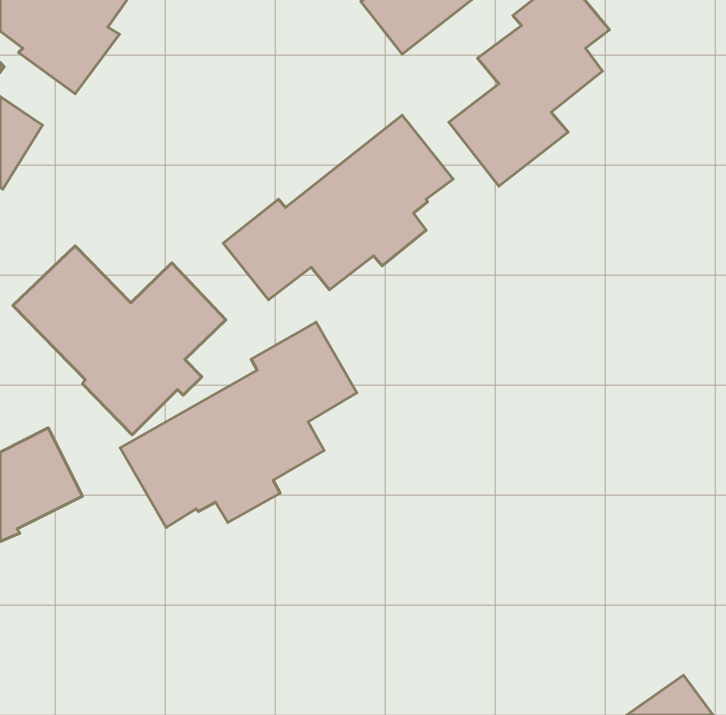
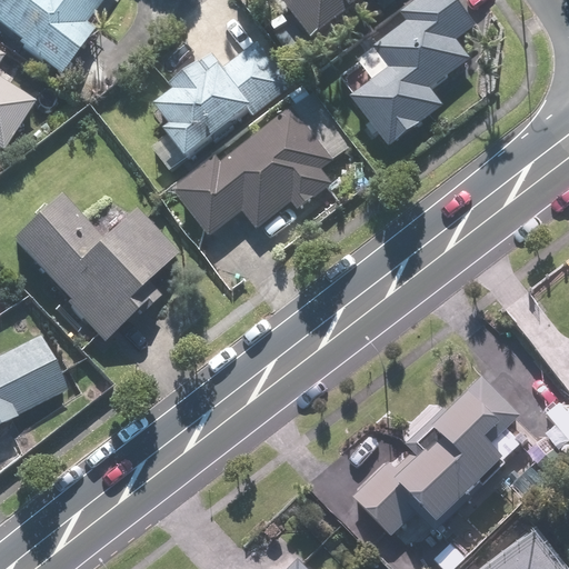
building: none -> [152,39,293,169]
building: [120,322,357,528] -> none
building: none -> [353,370,521,531]

